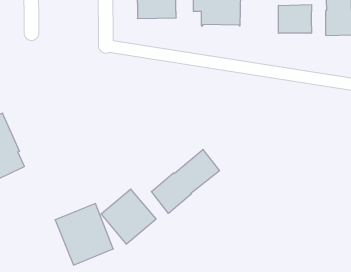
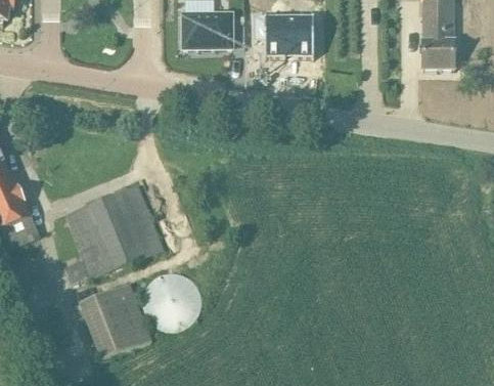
building: [278,5,312,33] -> none
building: none -> [64,182,165,280]
building: [151,149,219,213] -> none

